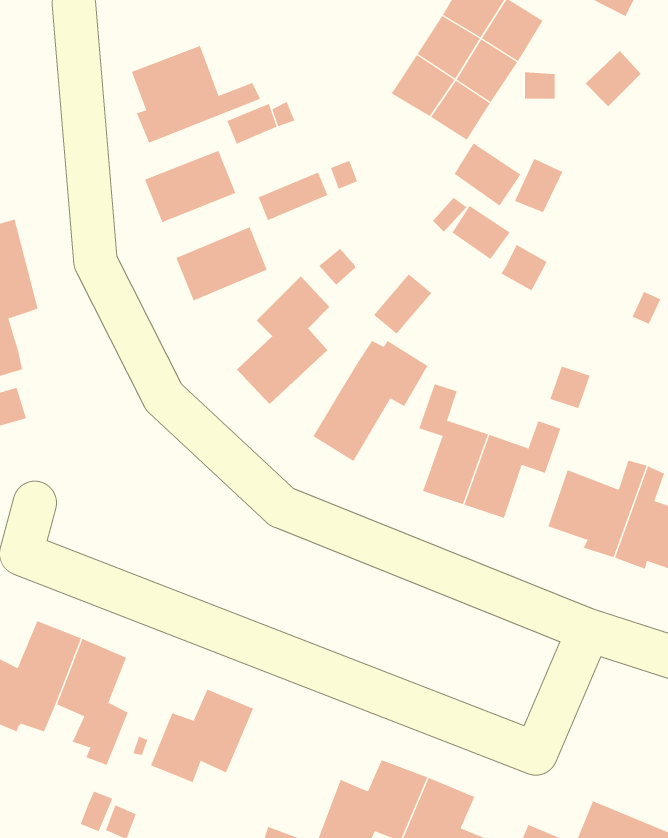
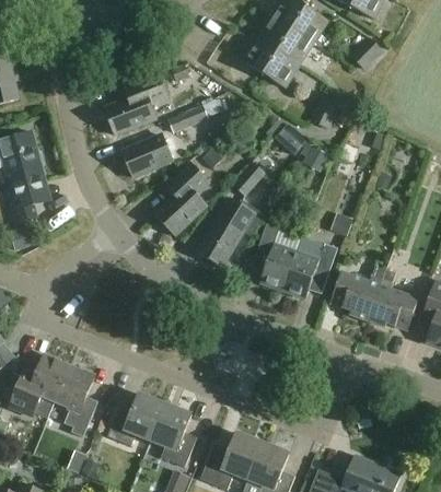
building: [131,45,261,143] -> none
building: [454,142,521,206] -> none
building: none -> [150,405,197,467]

